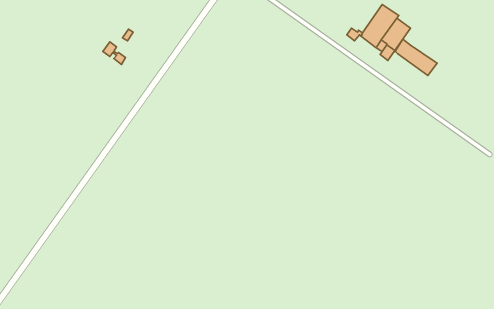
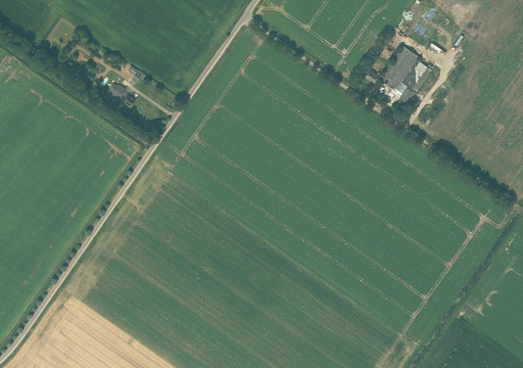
building: [395,39,437,75] -> none

